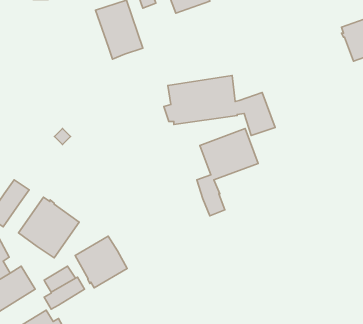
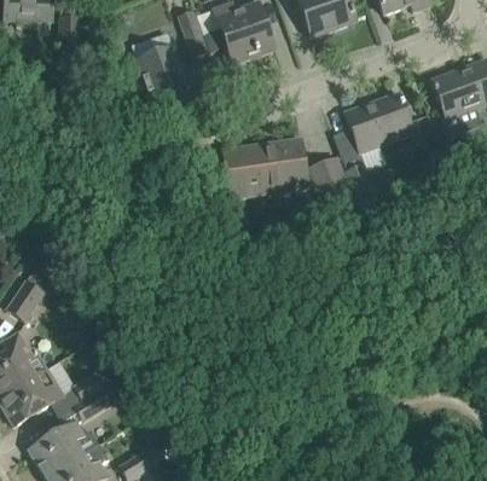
building: [197,128,258,216] -> [340,92,413,197]
building: [19,197,79,258] -> none
building: [75,236,127,288] -> none

